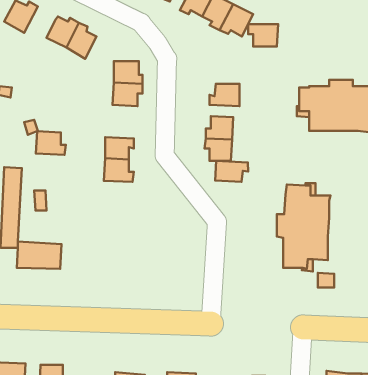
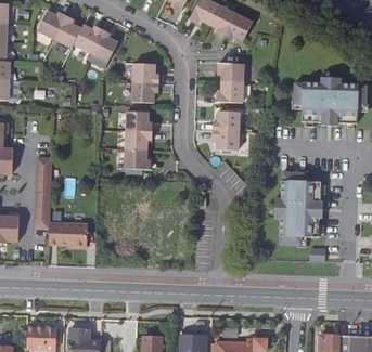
building: none -> [55,16,82,48]
building: [248,24,278,47] -> [218,64,244,83]
building: [36,131,66,155] -> [126,110,152,131]
building: [215,161,248,182] -> none

